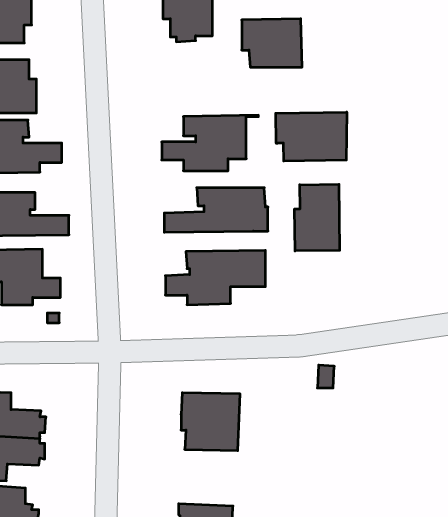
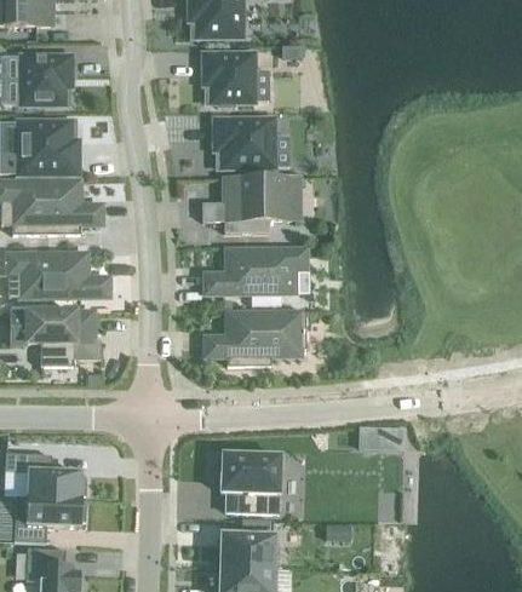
building: [242,19,302,67] -> [214,116,275,165]
building: [276,112,347,161] -> none
building: [295,184,340,251] -> none
building: none -> [219,517,274,567]

